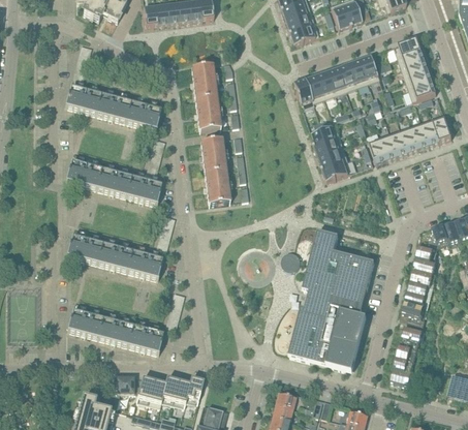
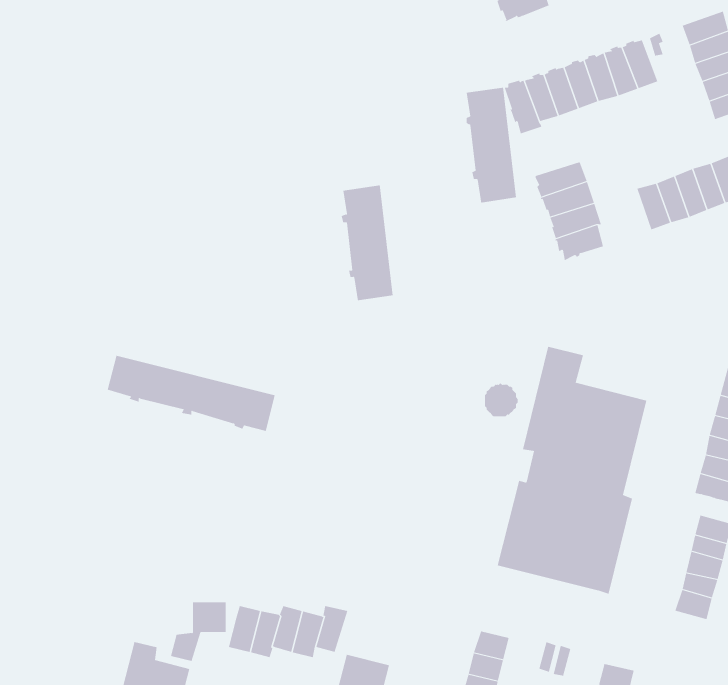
building: [192,63,221,129] -> [466,87,517,203]
building: [66,85,162,128] -> none
building: [67,159,162,203] -> none
building: [68,308,163,351] -> none

